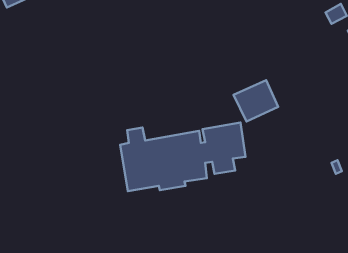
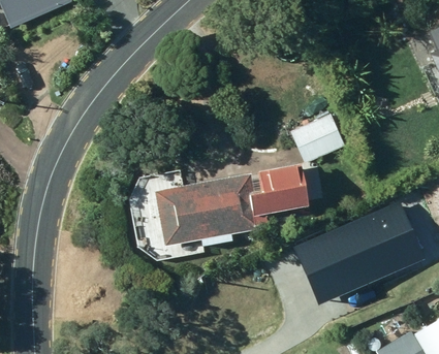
building: none -> [292,210,395,299]

